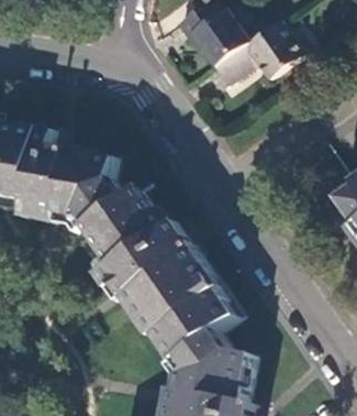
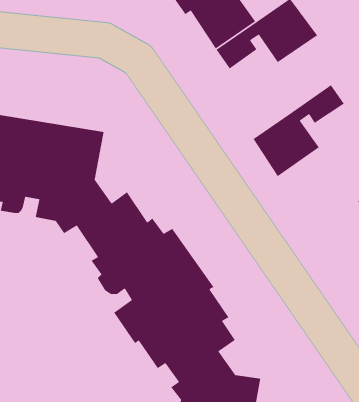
building: none -> [253,84,345,177]

